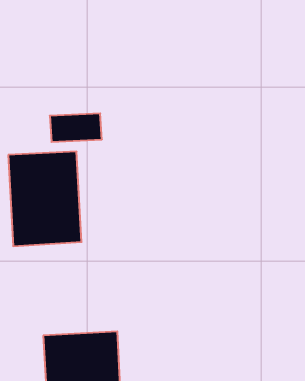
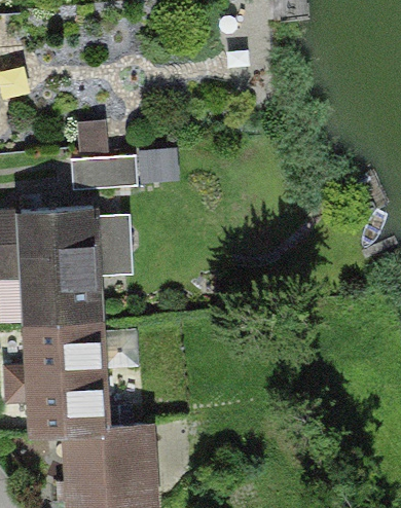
building: none -> [22,318,114,437]

